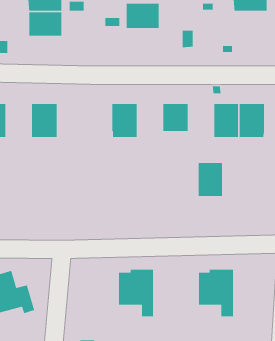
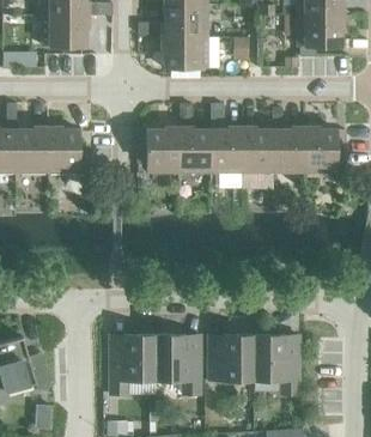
building: none -> [299,16,341,47]
building: none -> [165,37,207,68]
building: none -> [17,129,48,172]
building: none -> [180,129,211,172]
building: [198,162,223,197] -> [243,129,274,172]
building: none -> [111,335,156,395]
building: none -> [211,335,255,381]

